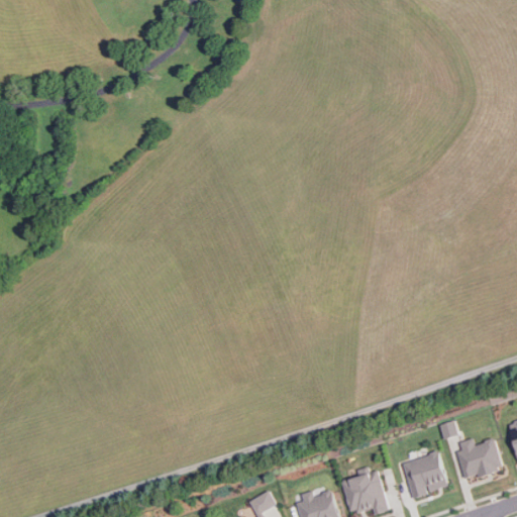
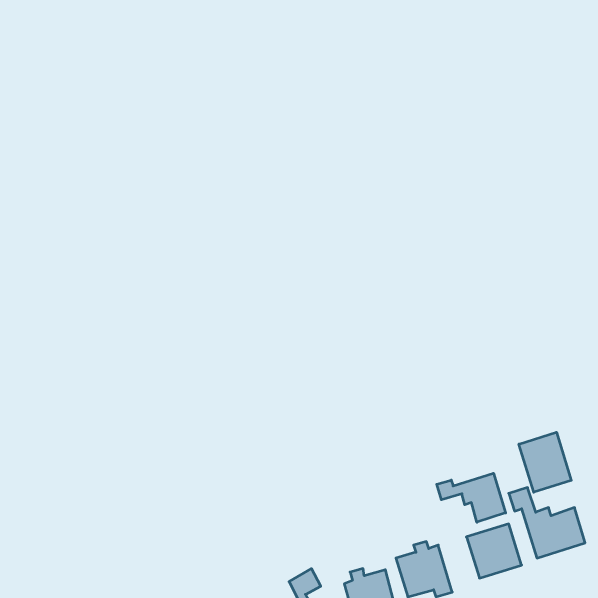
building: none -> [519,432,571,492]
building: none -> [437,473,506,522]

